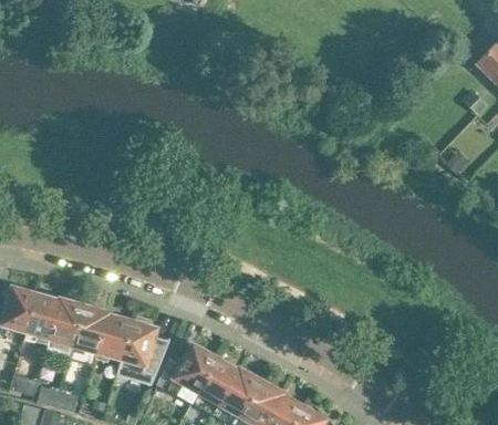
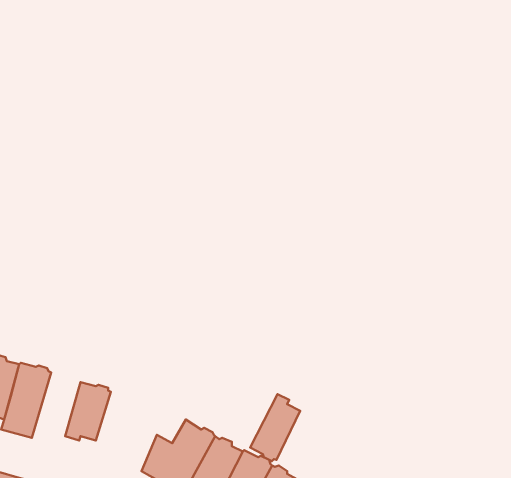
building: [70,305,110,365] -> none
building: [116,320,169,386] -> none
building: none -> [250,394,300,461]

